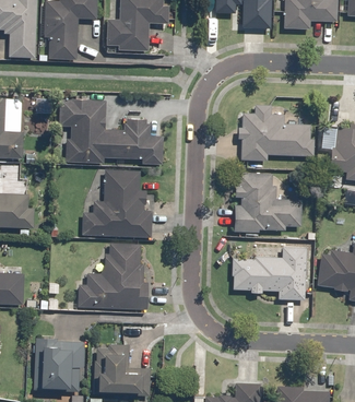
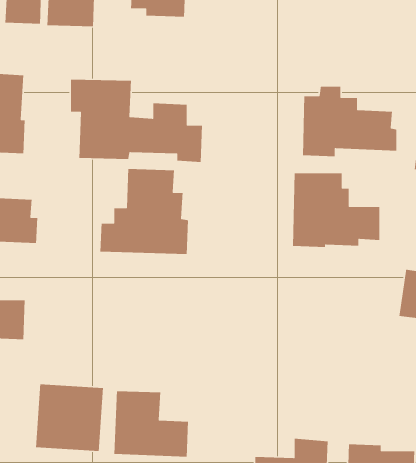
building: [78,244,149,310] -> none
building: [232,247,307,300] -> none

